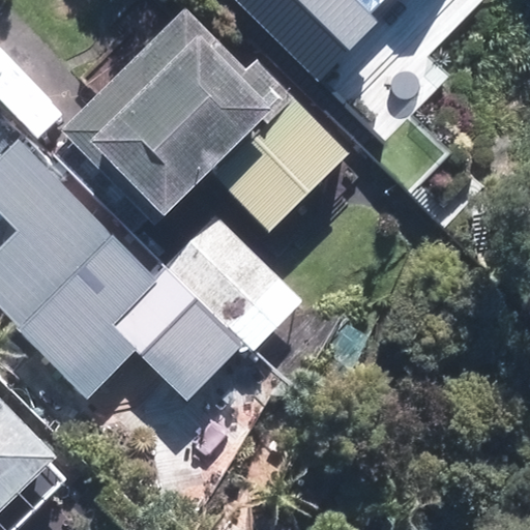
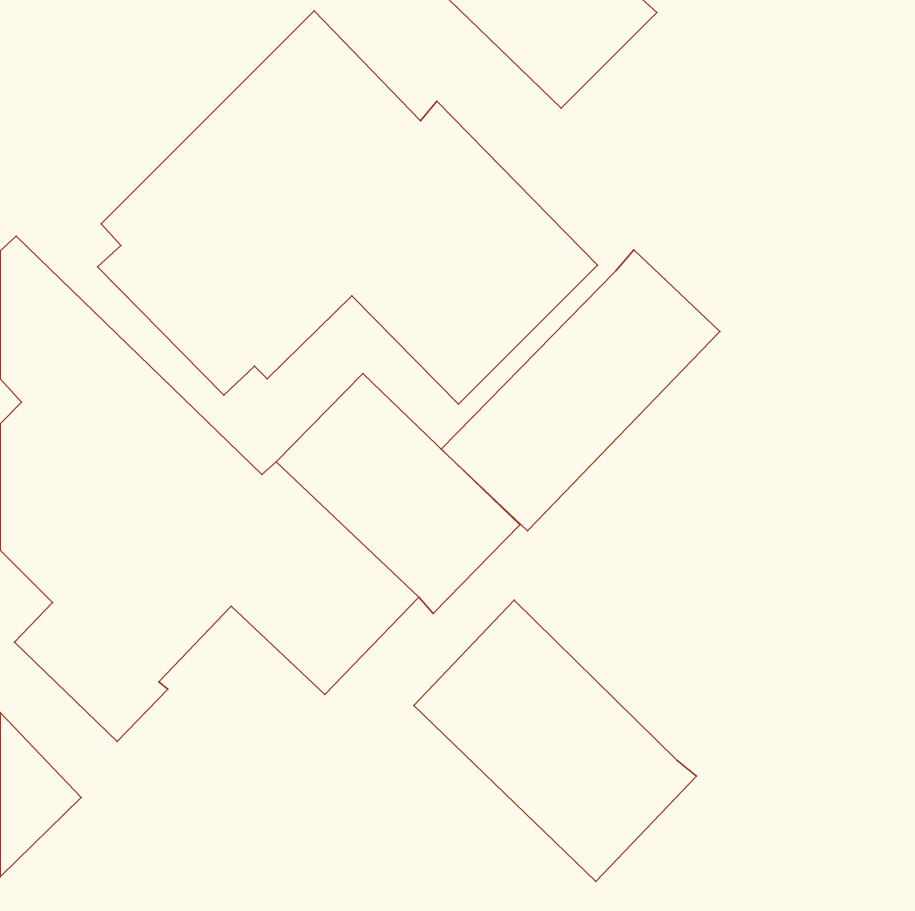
building: none -> [441,250,720,531]
building: none -> [414,600,696,881]

